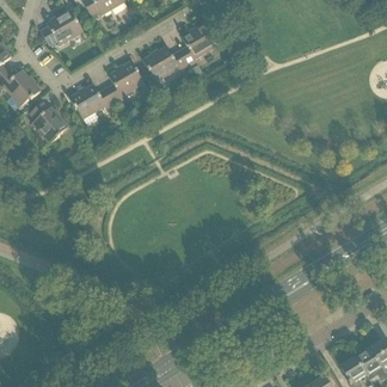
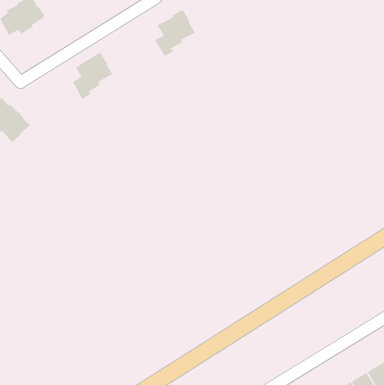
building: [142,45,189,80] -> none
building: [69,82,115,118] -> none

